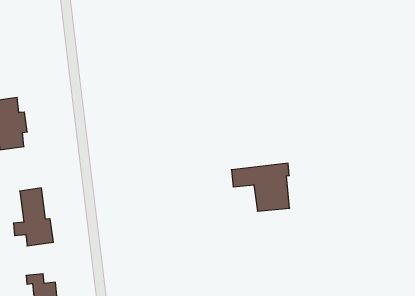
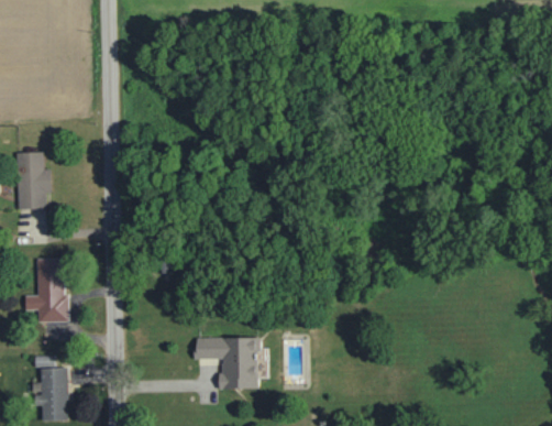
building: [231,163,290,211] -> [196,338,262,390]

